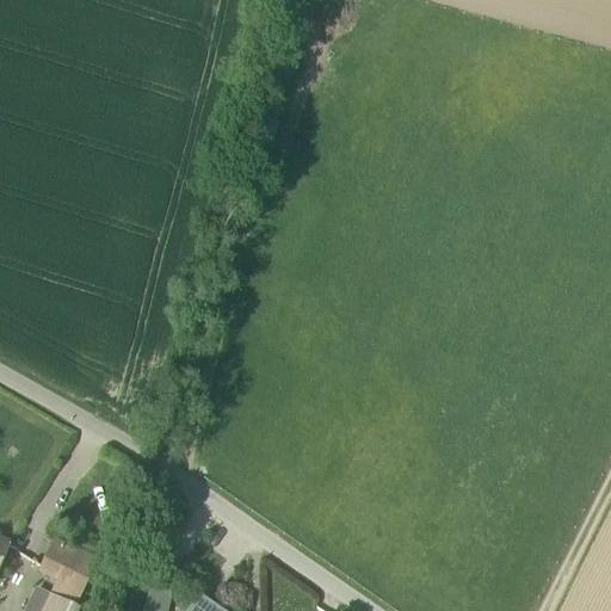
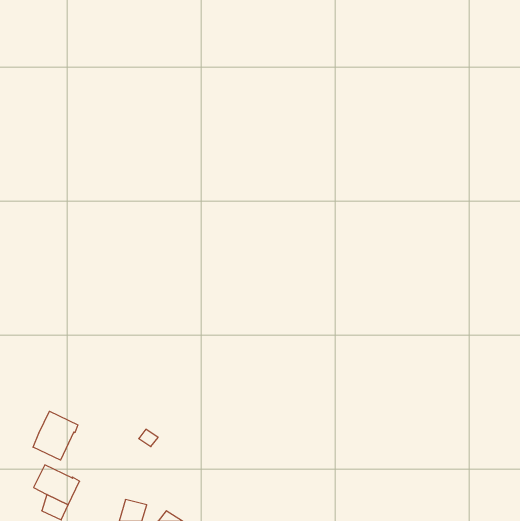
building: none -> [33,411,78,460]

